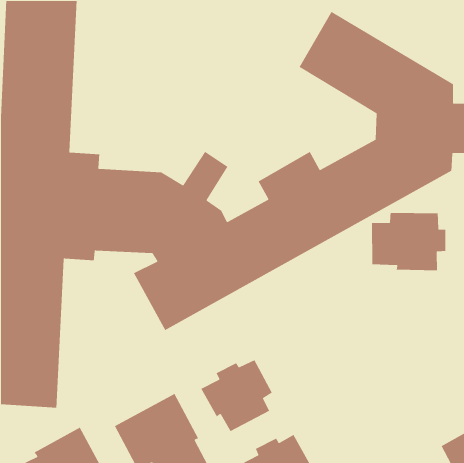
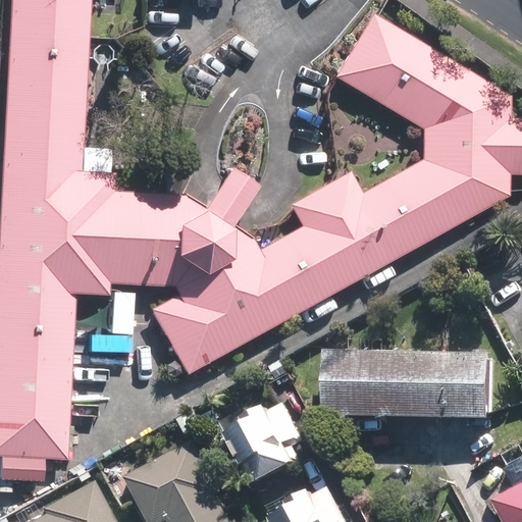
building: [371,212,446,271] -> none
building: none -> [331,354,498,421]

